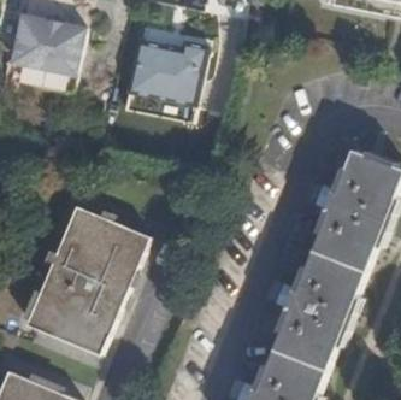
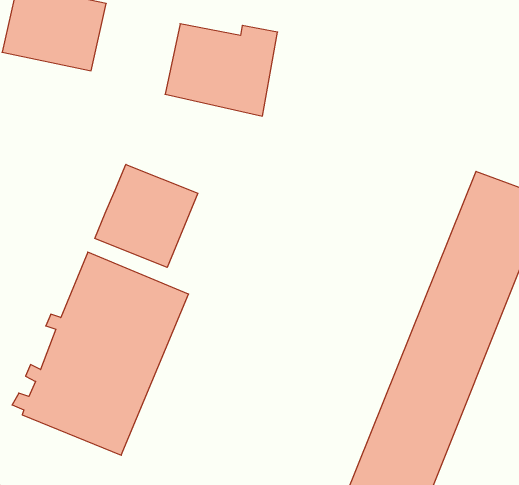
building: none -> [95,164,198,267]

